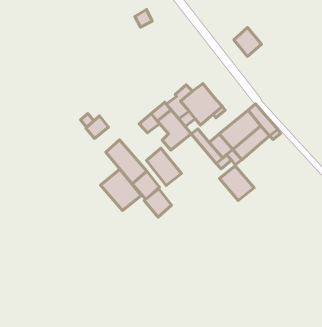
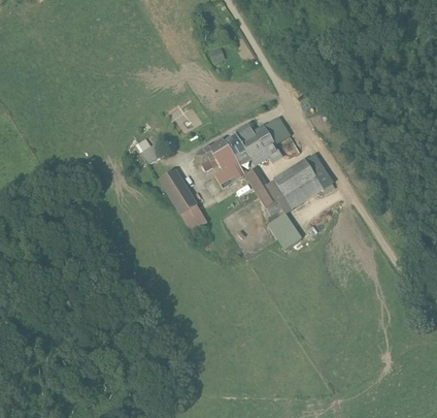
building: [234,27,261,56] -> [264,115,291,143]
building: [147,148,182,185] -> none
building: [101,169,141,211] -> none
building: [144,189,172,217] -> none

